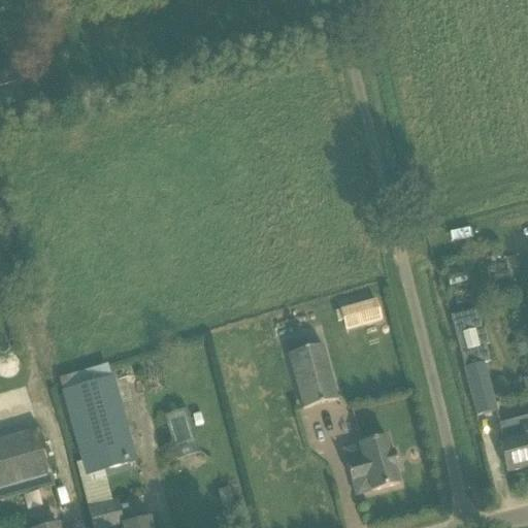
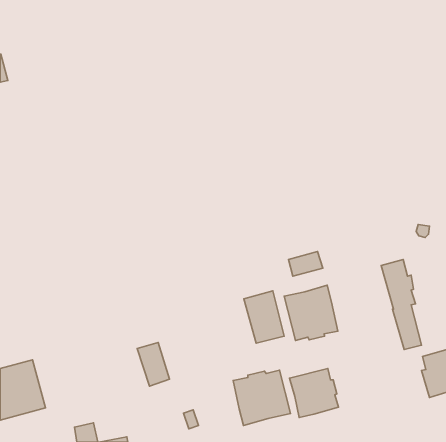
building: none -> [284,285,338,341]
building: [63,374,137,473] -> none
building: none -> [233,370,290,426]

